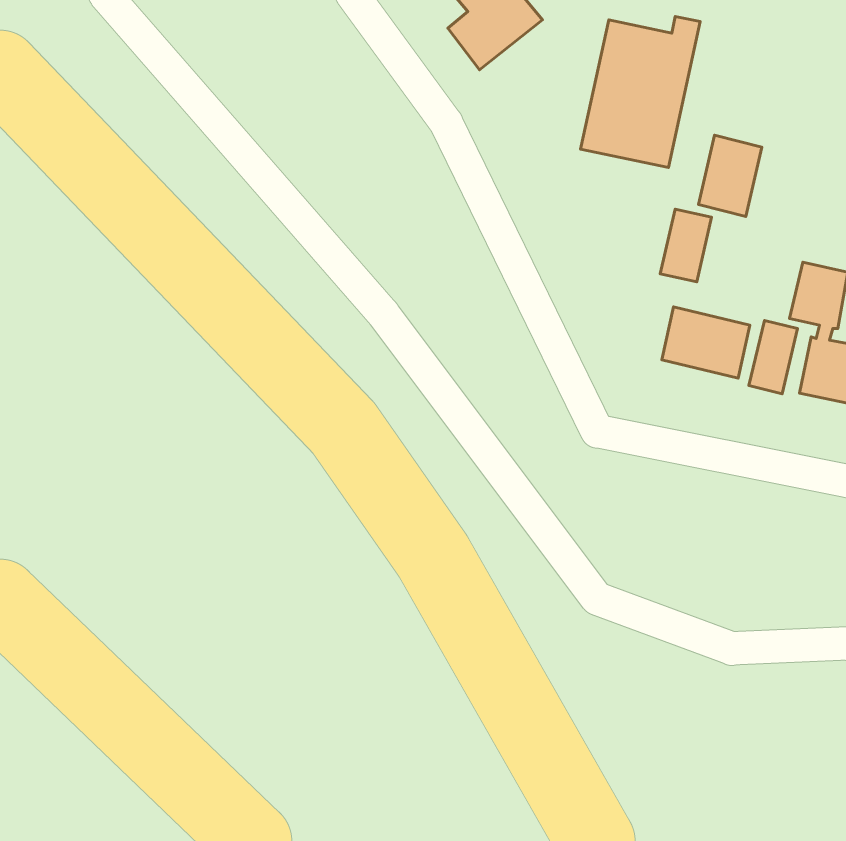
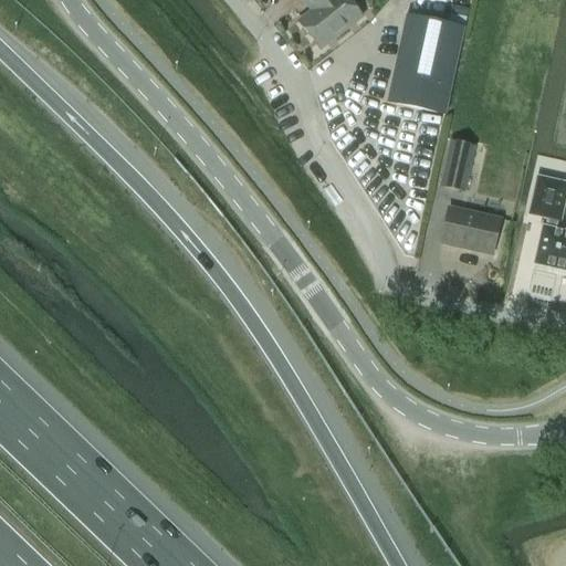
building: [699,135,762,216] -> none
building: [749,320,798,394] -> none

